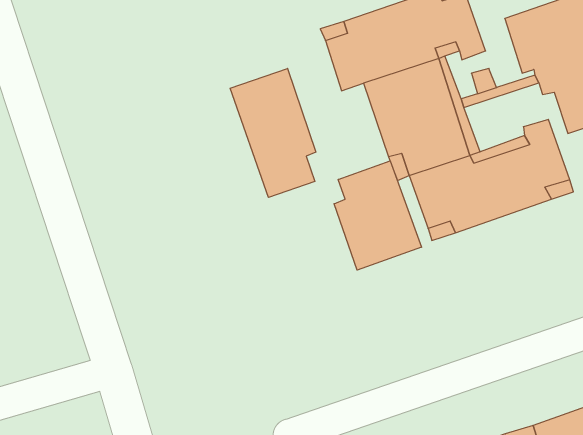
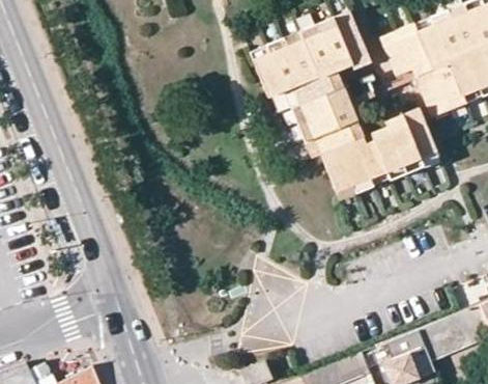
building: [230,68,316,197] -> none
building: [334,161,422,270] -> none

